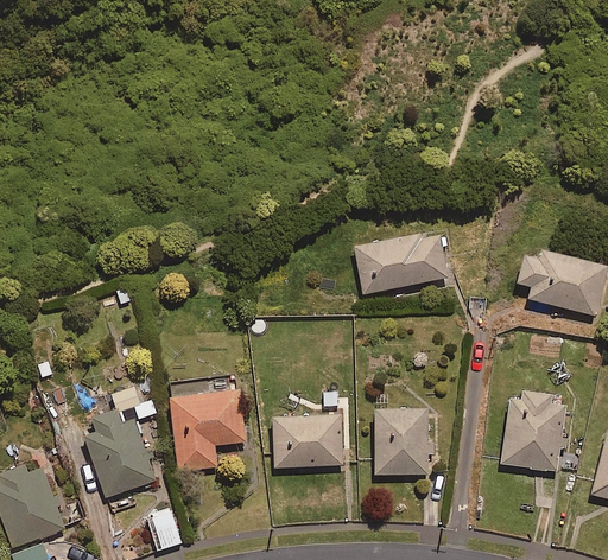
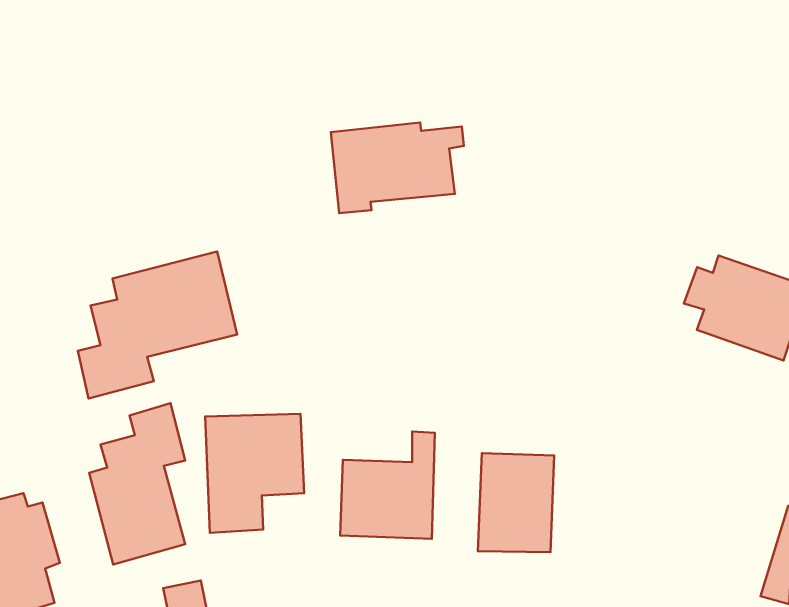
building: [353,235,451,305] -> [331,123,464,213]
building: none -> [78,251,237,398]
building: [500,382,566,471] -> none

